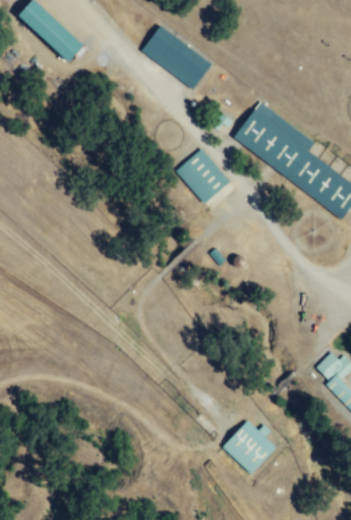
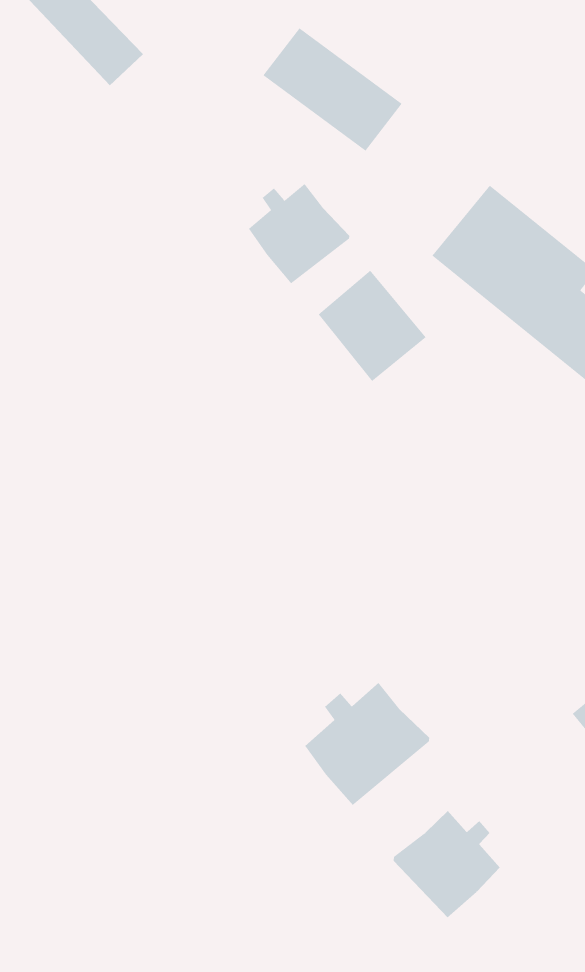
building: none -> [248,183,350,284]
building: none -> [305,682,430,806]

